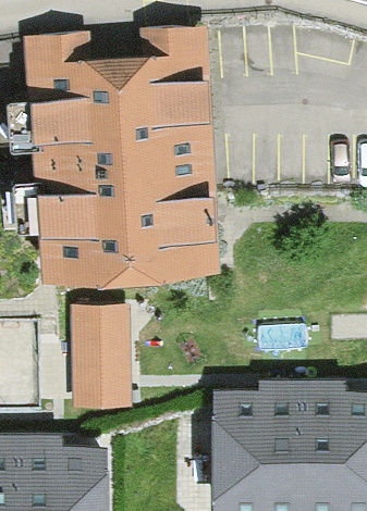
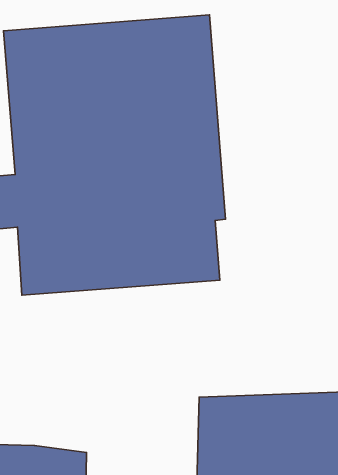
building: [64,302,129,408] -> none

